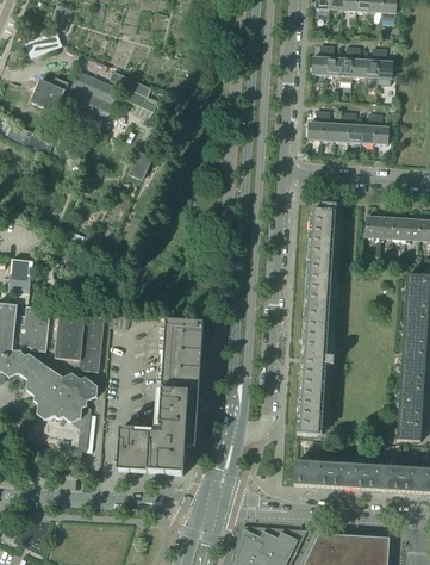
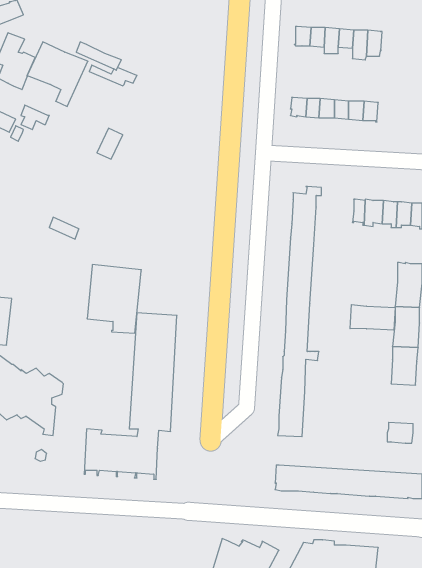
building: [55,308,105,371] -> [87,265,141,333]
building: none -> [350,305,395,330]
building: [398,386,423,423] -> none

